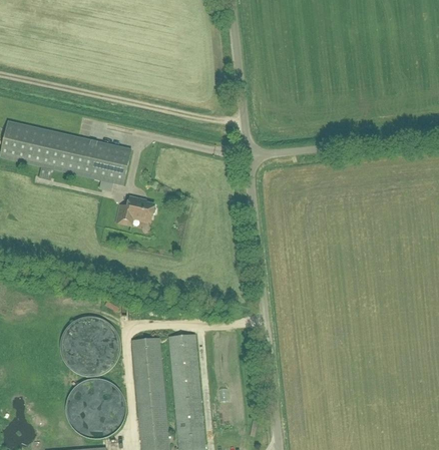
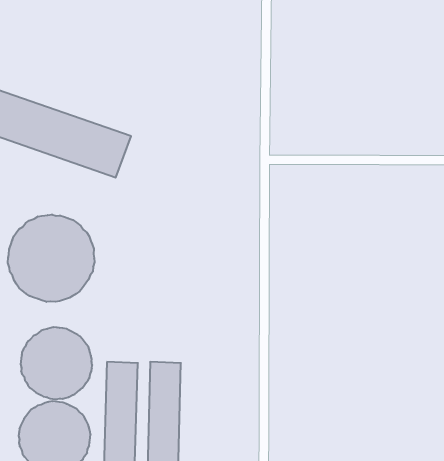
building: [116,196,155,224] -> none
building: none -> [8,214,95,302]

